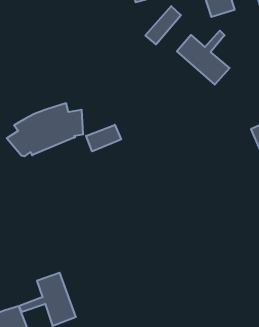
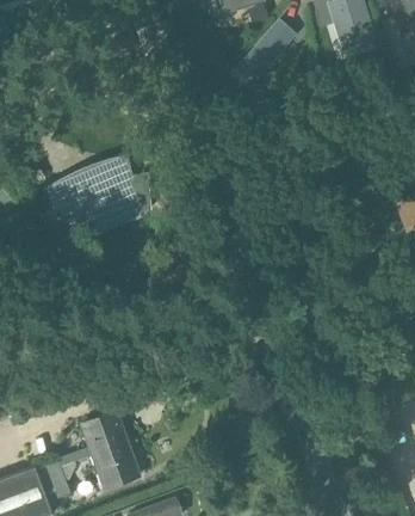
building: [177,31,230,85] -> none
building: [86,125,121,151] -> none

